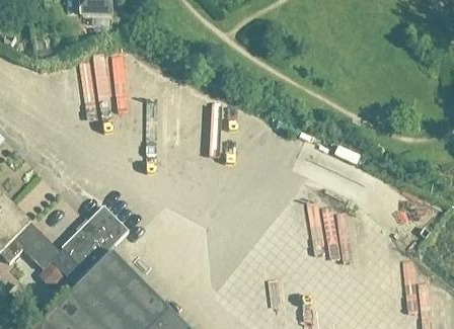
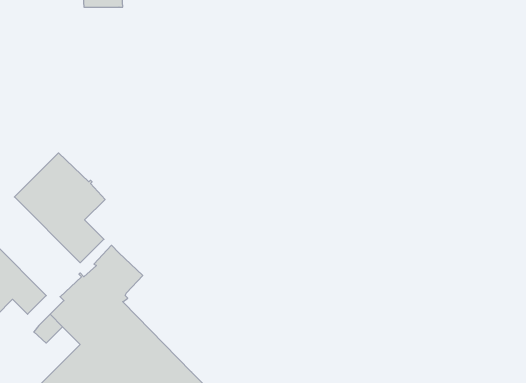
building: none -> [14,153,105,263]

